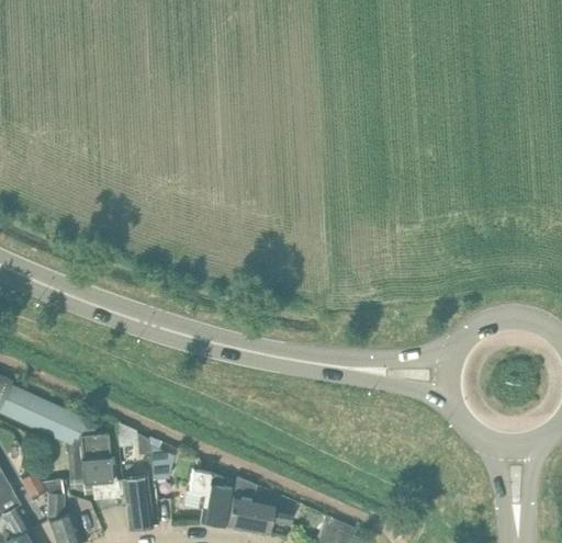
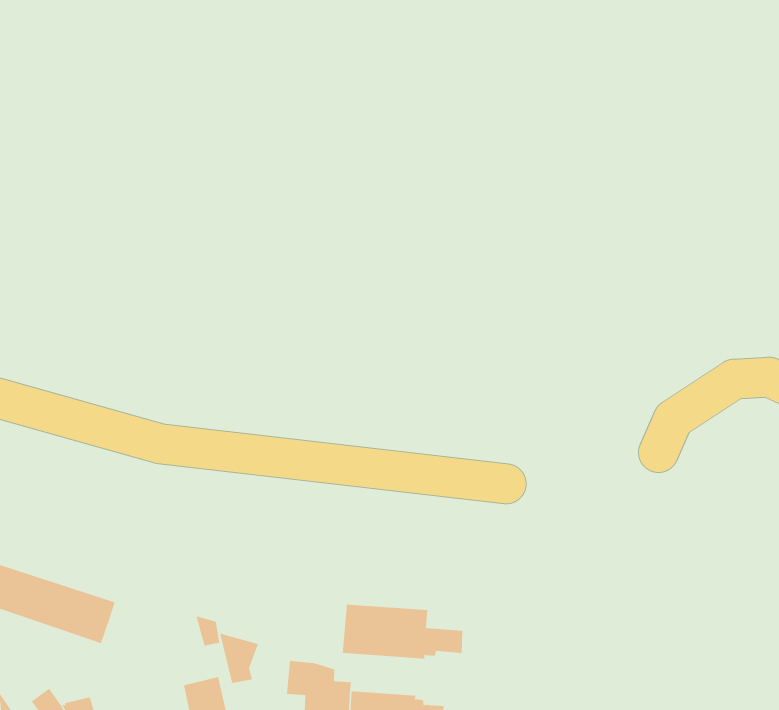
building: [77,432,111,483] -> none
building: none -> [342,604,463,659]

